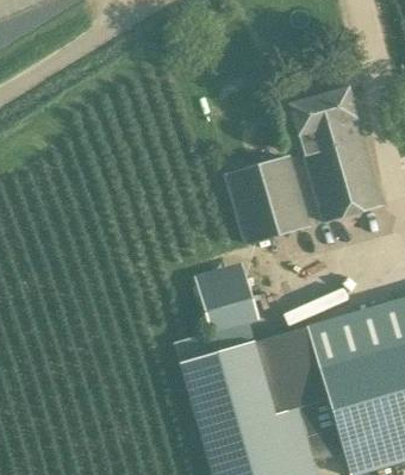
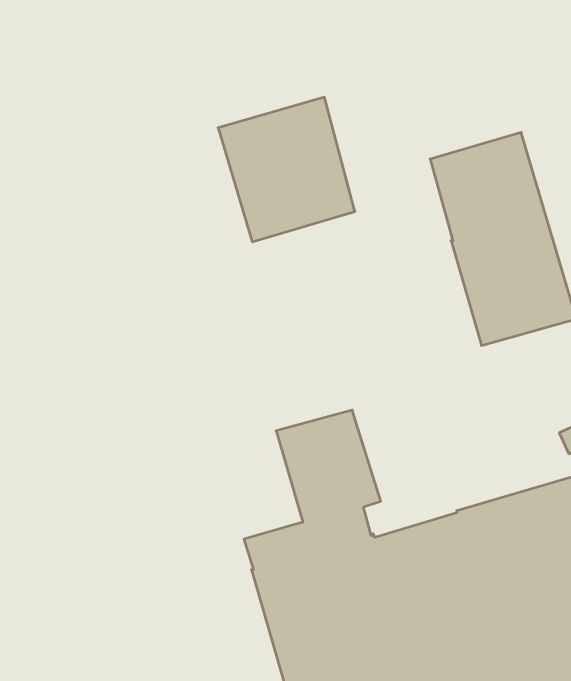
building: [224,156,310,246] -> [218,97,355,242]

